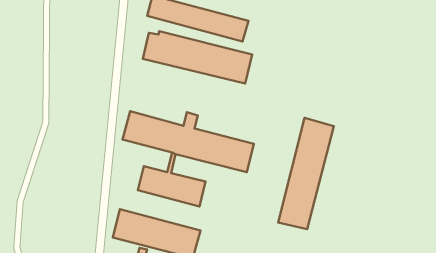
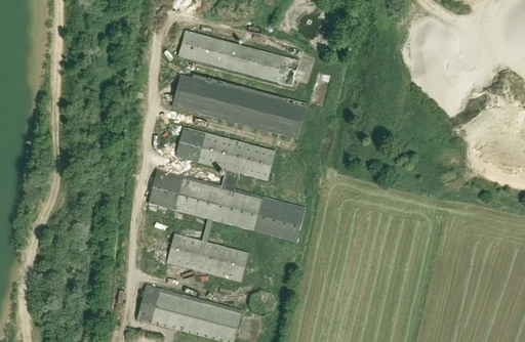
building: none -> [176,128,275,181]
building: [278,118,334,229] -> none

